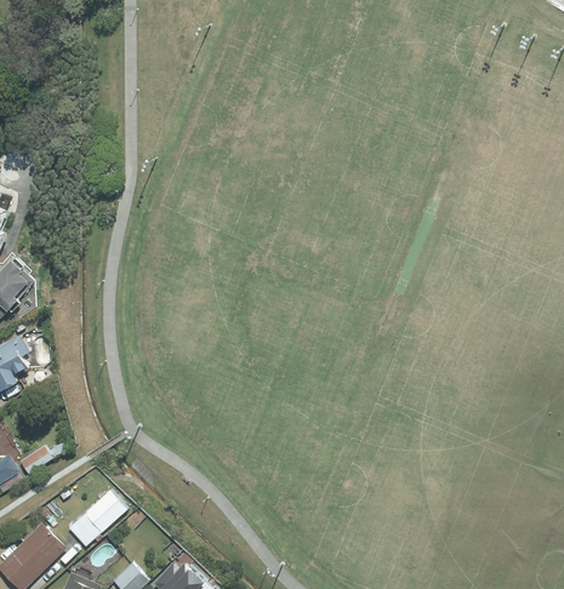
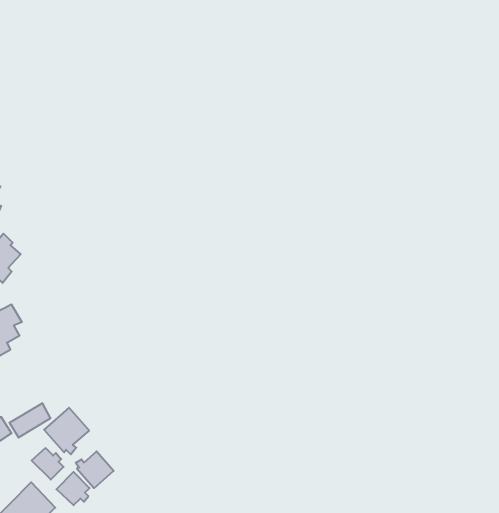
building: none -> [44,408,89,454]
building: none -> [32,448,64,480]

